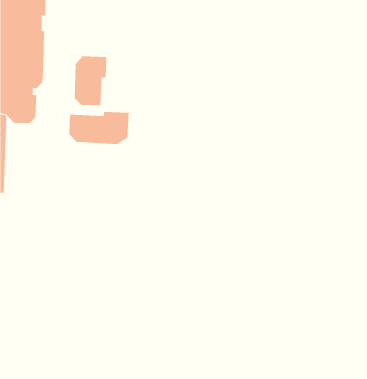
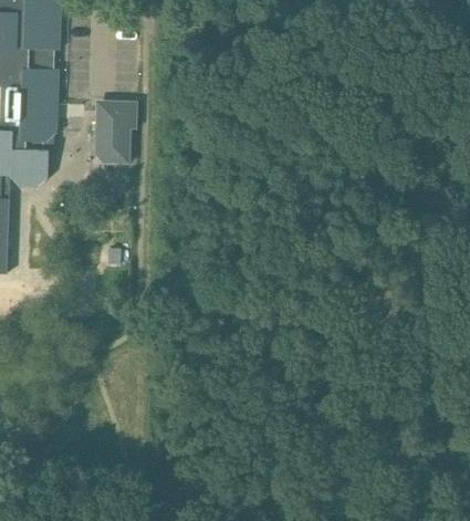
building: [69,111,129,145] -> none

